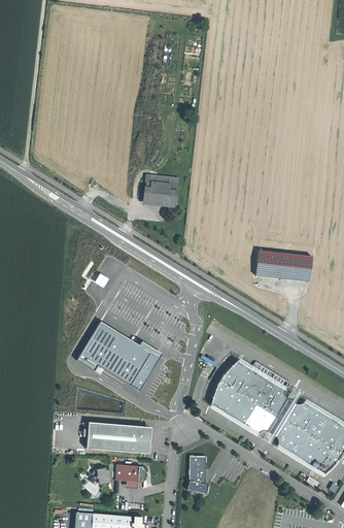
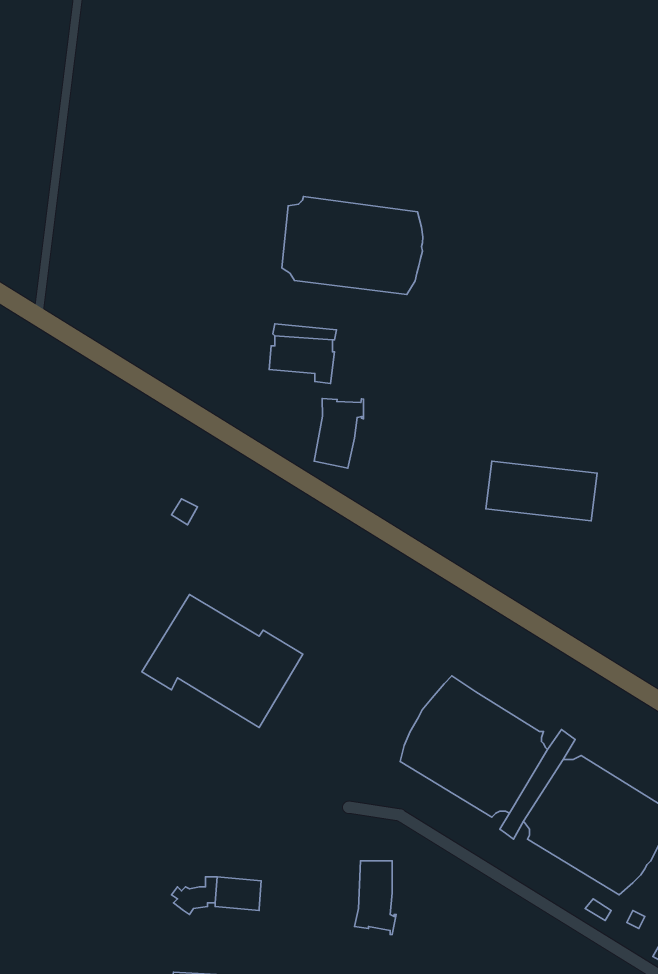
building: none -> [282,197,423,294]
building: none -> [314,398,364,468]
building: [85,423,150,454] -> none

